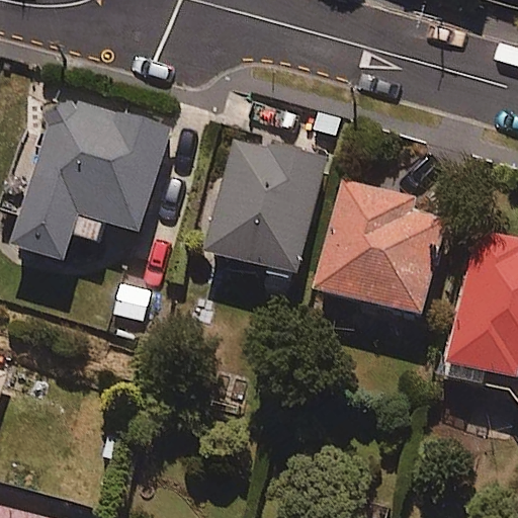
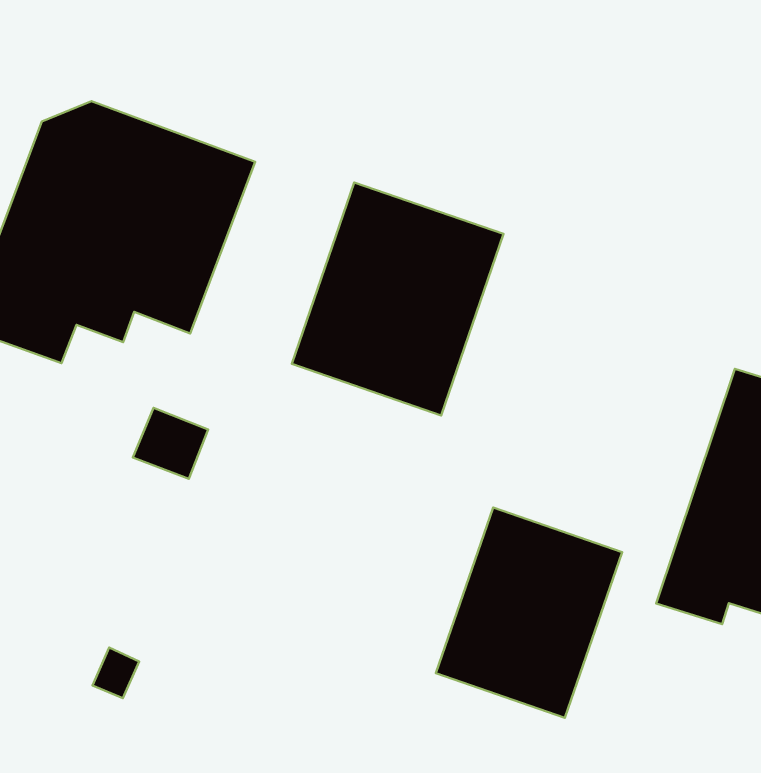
building: [314,176,446,317] -> none
building: none -> [436,507,622,718]

